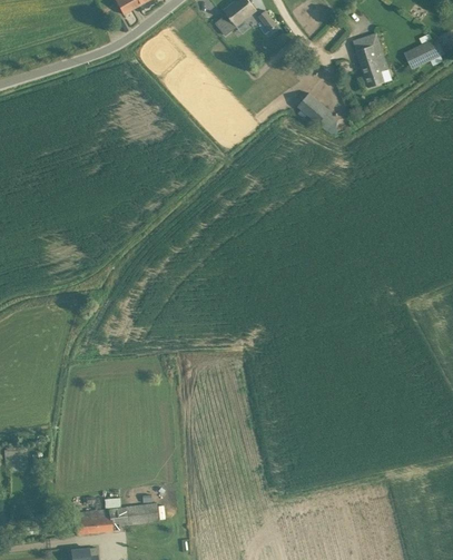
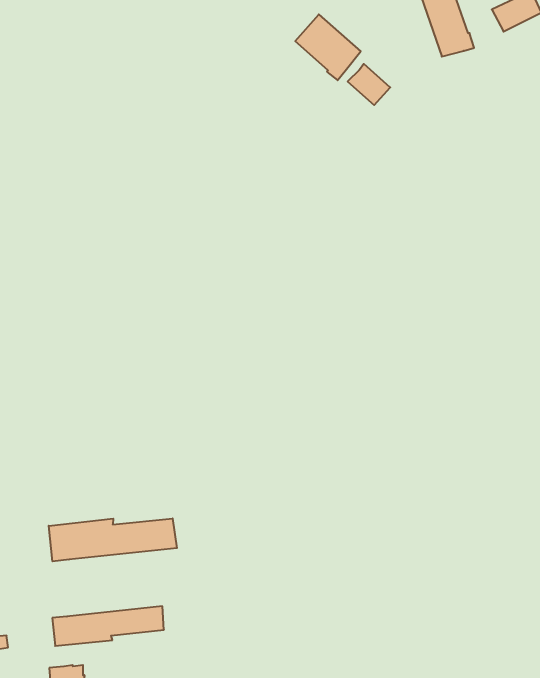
building: none -> [295,14,361,80]
building: none -> [49,518,177,561]

